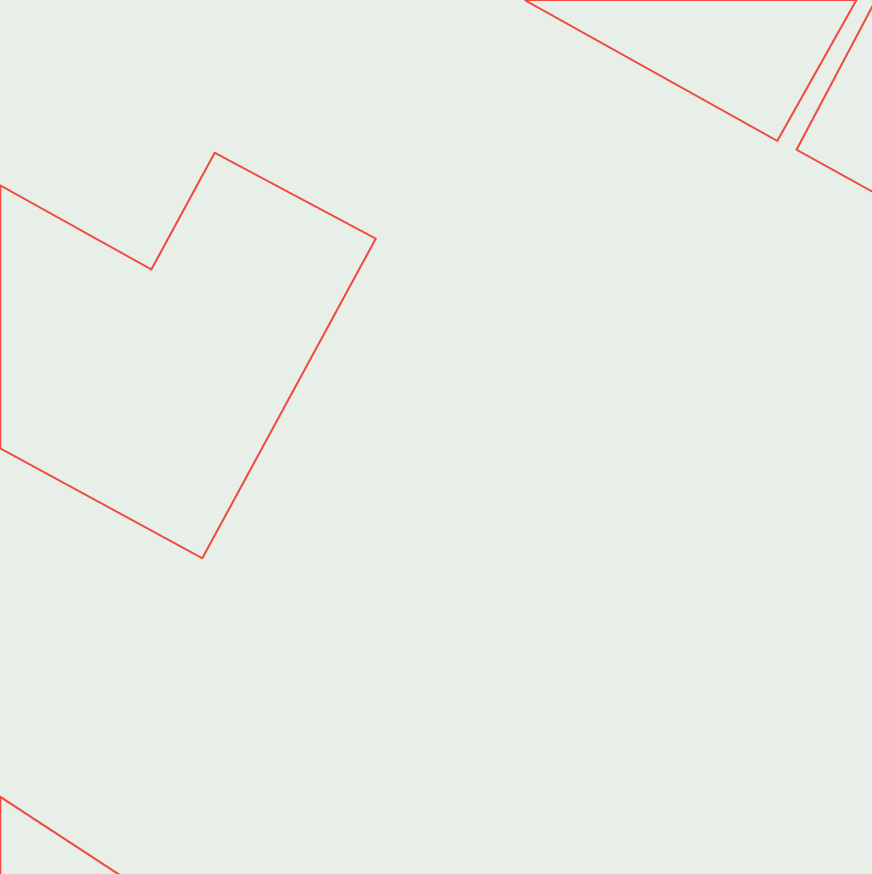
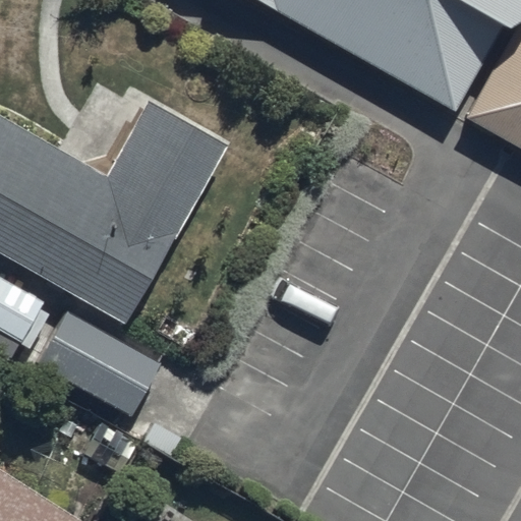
building: none -> [34,310,159,420]

